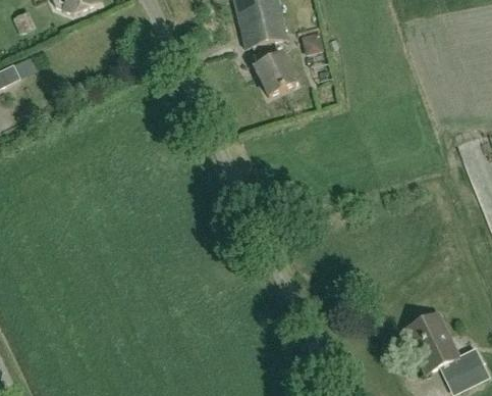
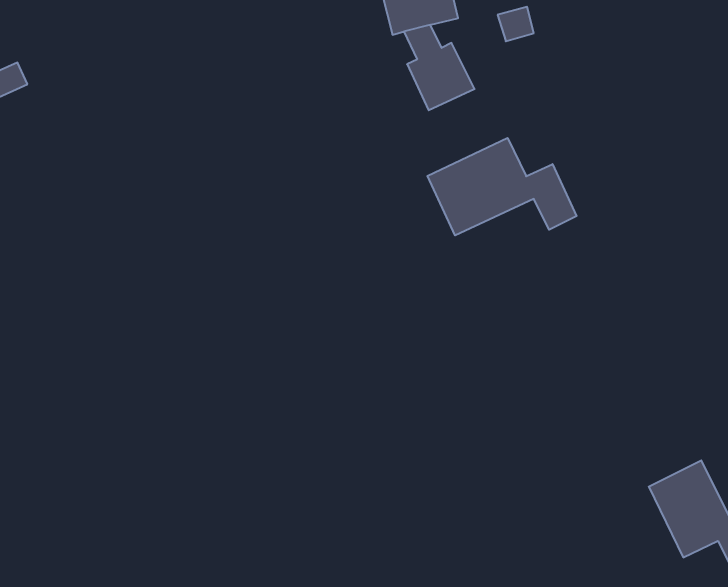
building: none -> [427,138,577,235]

